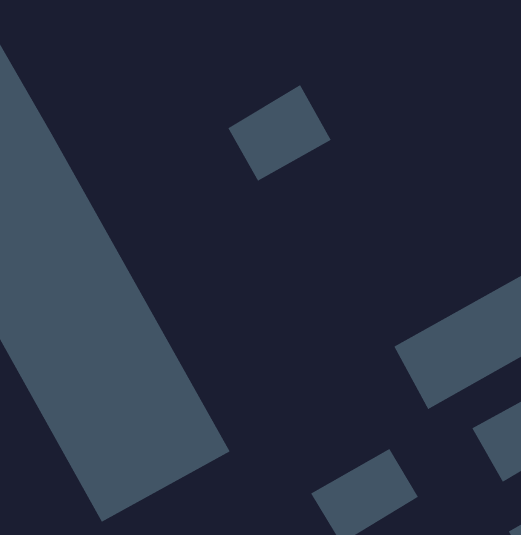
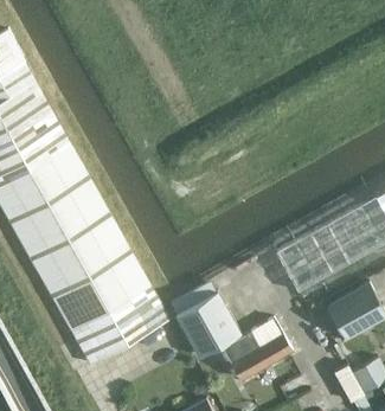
building: [227,84,331,181] -> none
building: none -> [177,293,242,358]

